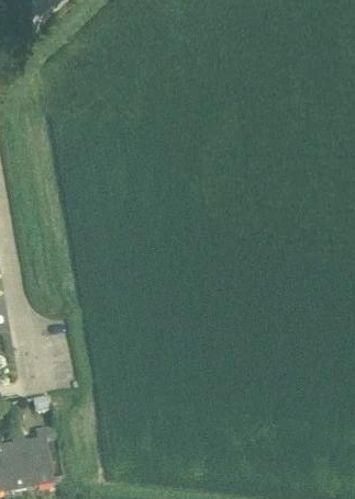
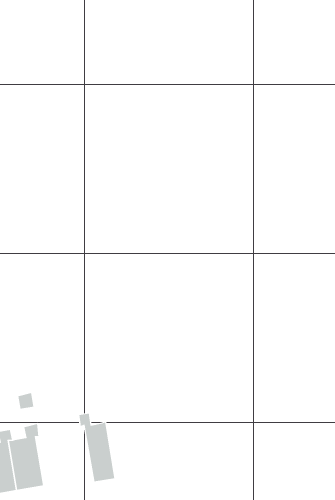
building: none -> [79,413,115,482]

